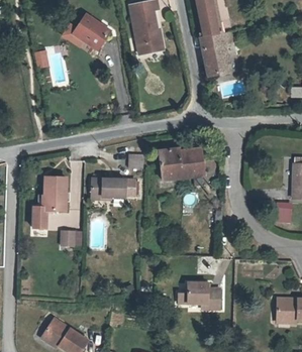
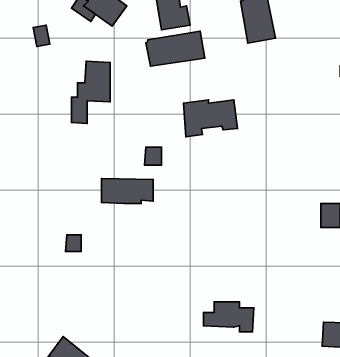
building: none -> [146,31,205,66]
building: [159,151,204,183] -> [183,100,237,137]
building: [29,178,62,230] -> [72,61,110,124]

